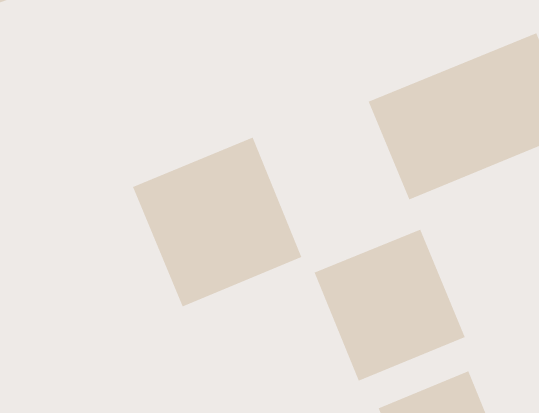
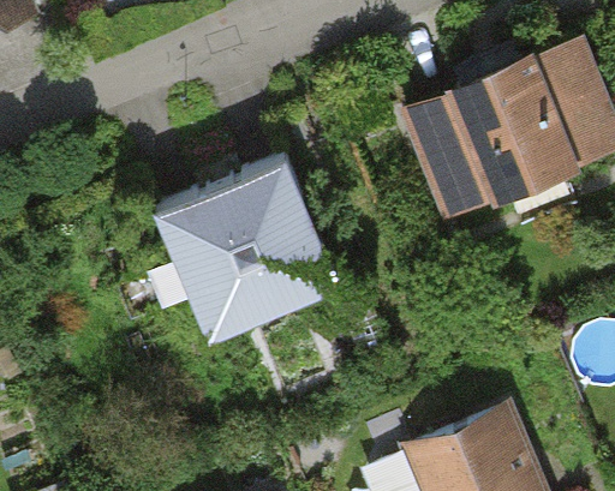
building: [314,229,466,381] -> none

